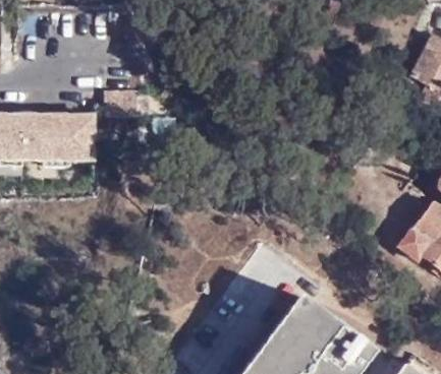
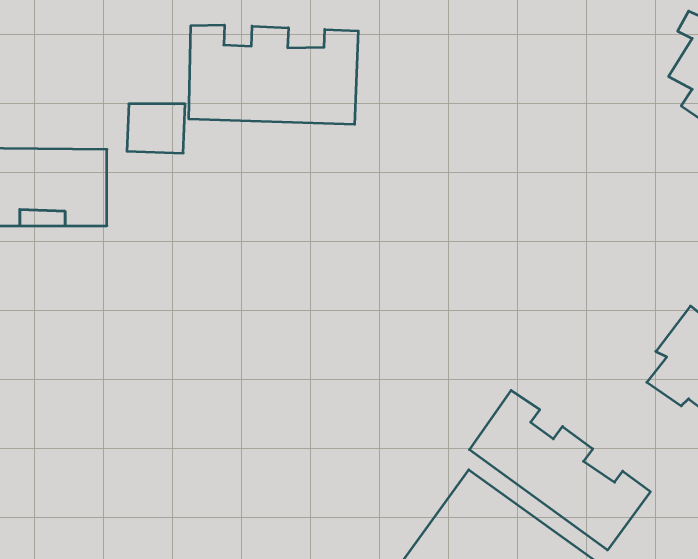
building: none -> [189,25,358,124]
building: none -> [469,390,650,550]

